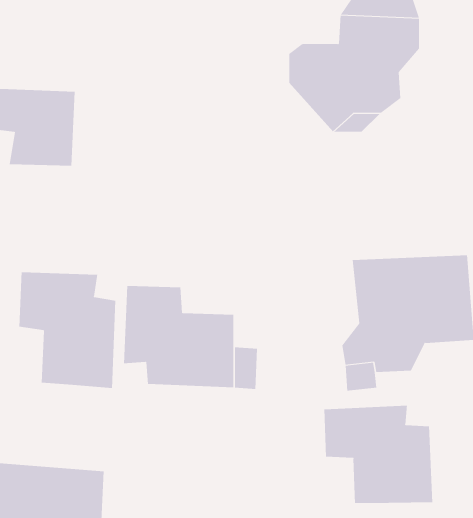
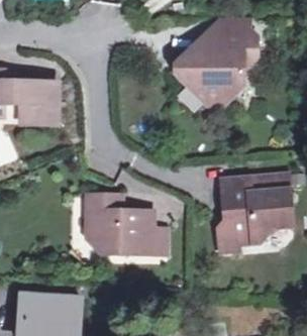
building: [19,271,116,389] -> none
building: [324,405,433,504] -> none

